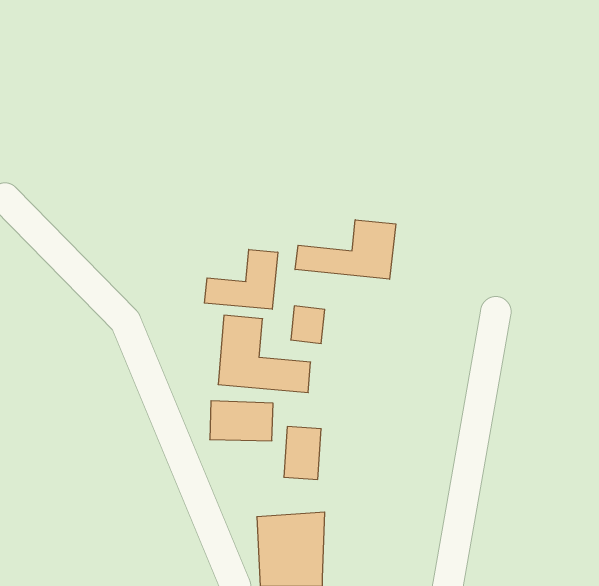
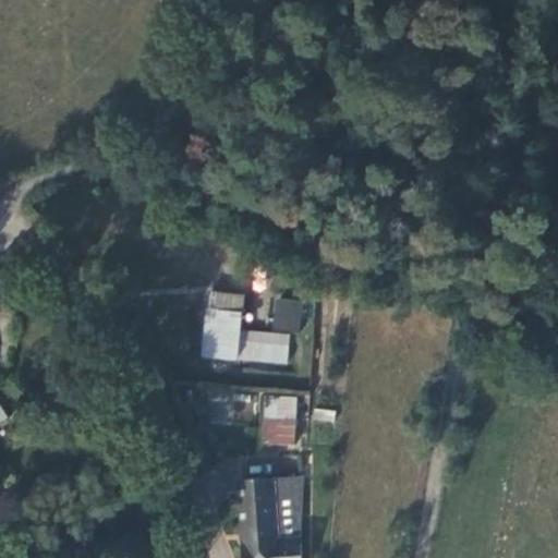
building: [295,220,396,279] -> none
building: [204,249,278,309] -> none

